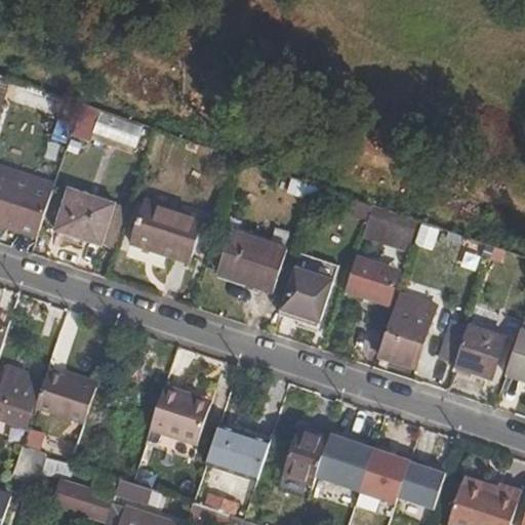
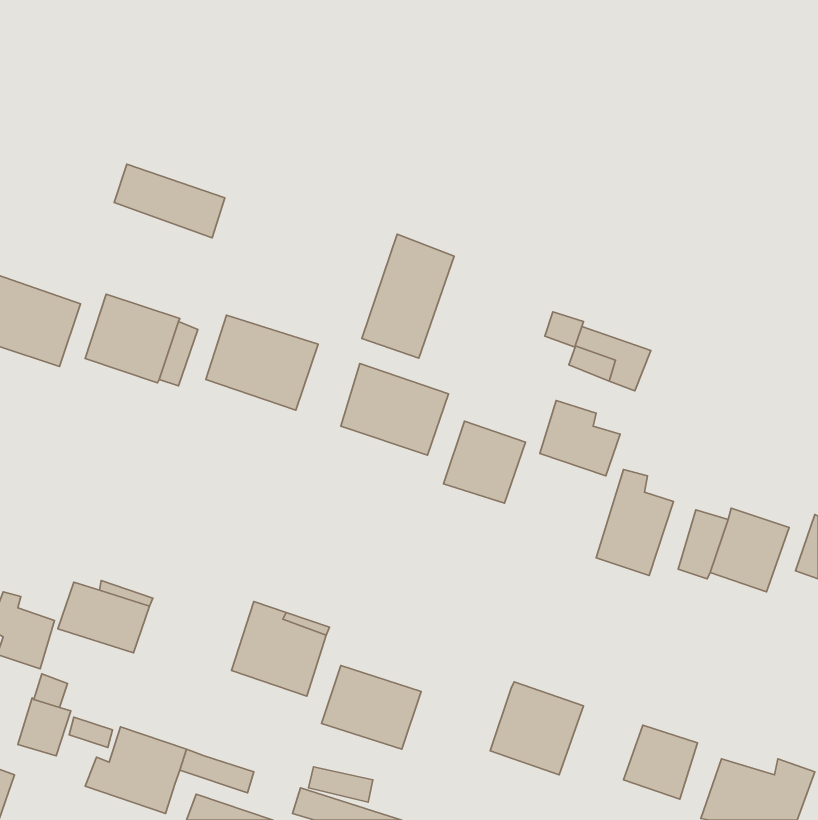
building: none -> [362,234,454,358]
building: [281,429,326,483] -> none
building: [357,450,410,508] -> none

